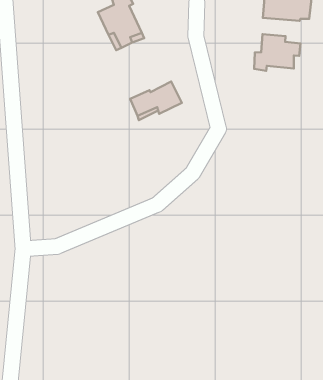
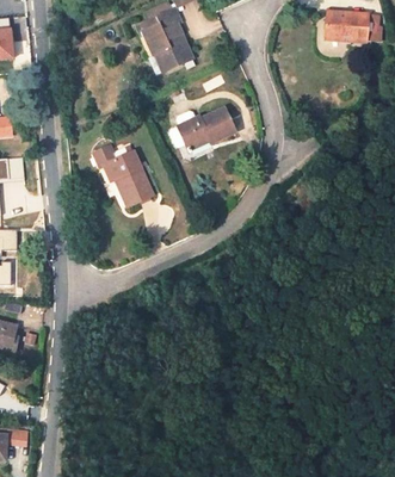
building: [254,34,300,71] -> none
building: none -> [93,144,152,203]

